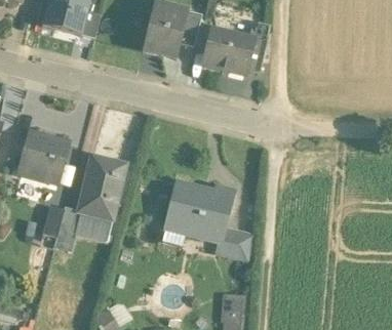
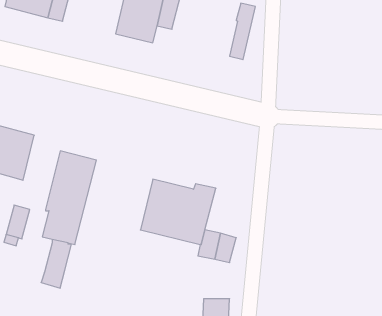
building: [202,28,252,74] -> none
building: [53,206,81,250] -> [41,240,72,288]

